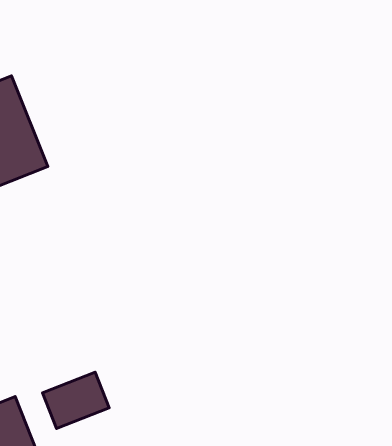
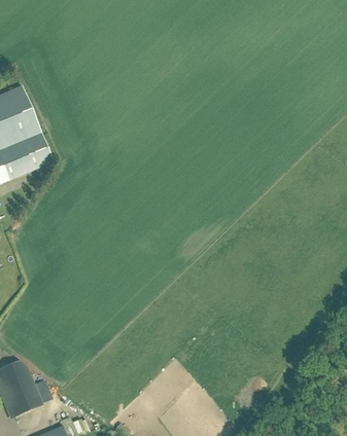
building: [43,372,109,428] -> none

